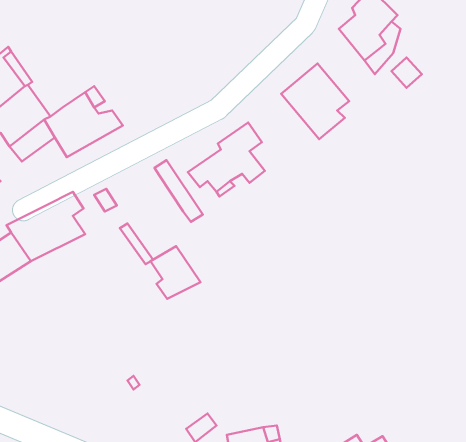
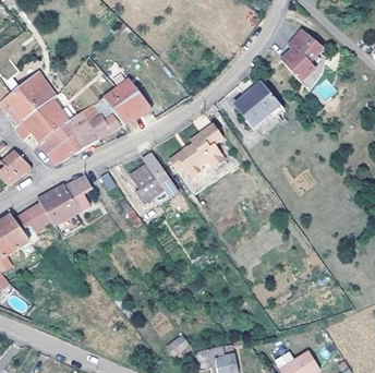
building: none -> [102,77,153,124]
building: none -> [48,135,81,164]
building: [151,246,200,299] -> [129,163,165,201]

